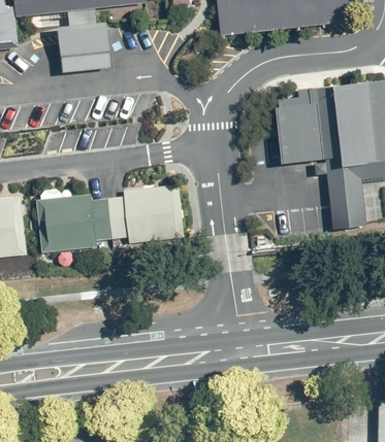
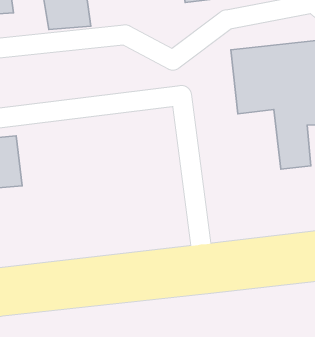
building: [38,183,187,251] -> none

